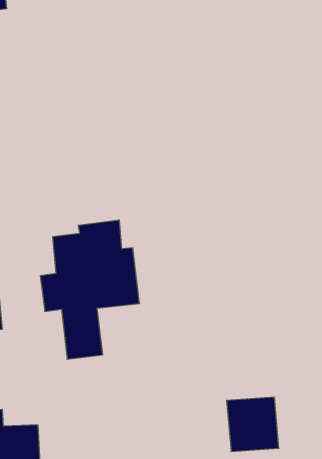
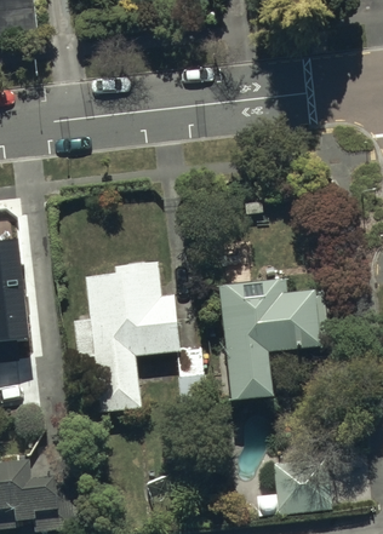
building: none -> [216,277,327,407]

